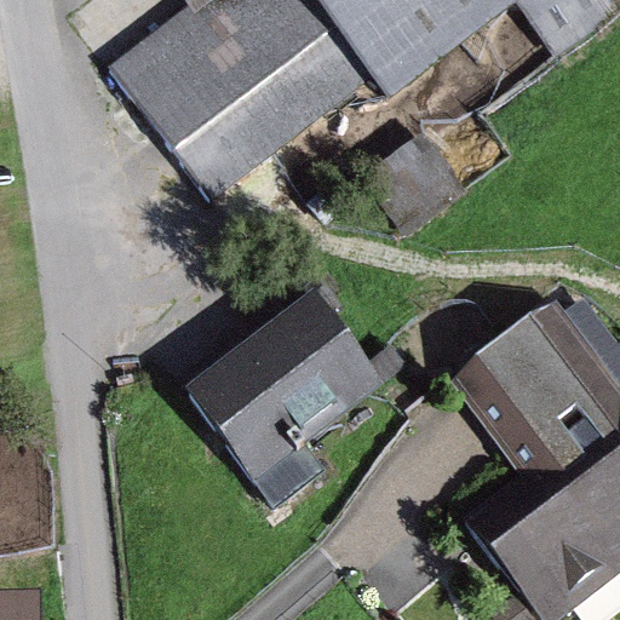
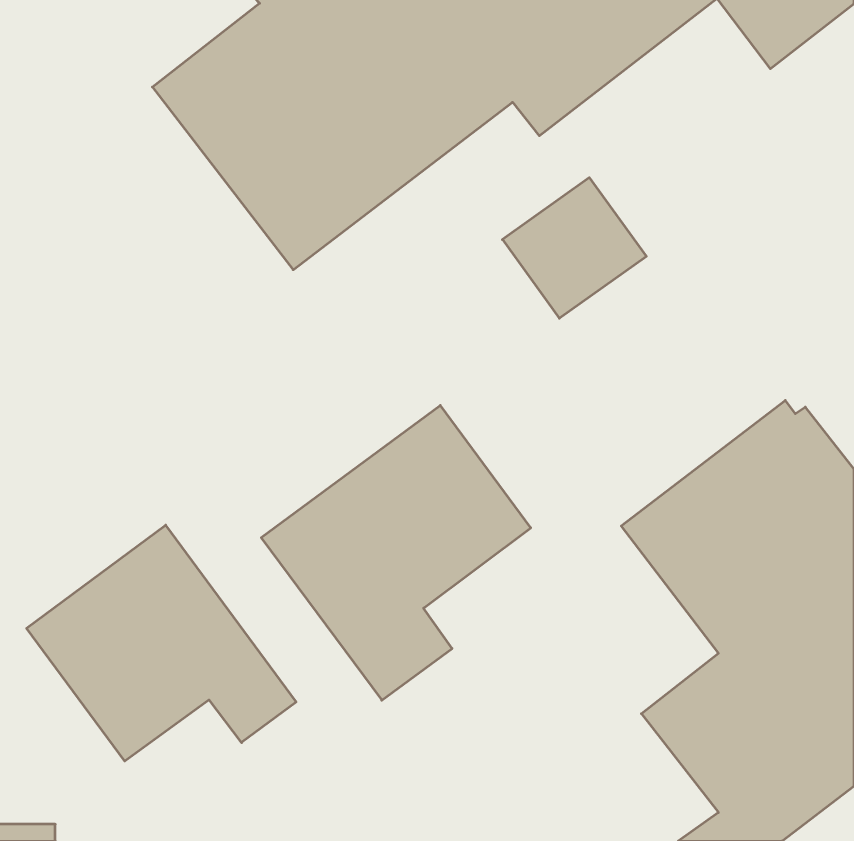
building: none -> [27,525,296,761]

